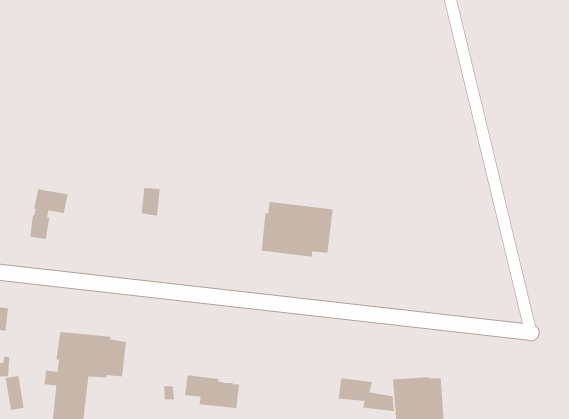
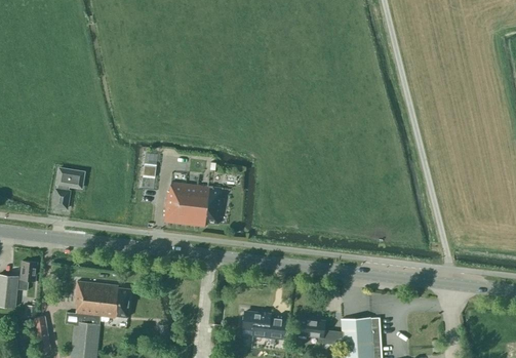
building: [261,201,333,257] -> [164,183,222,227]
building: [184,375,240,409] -> [242,312,286,339]

